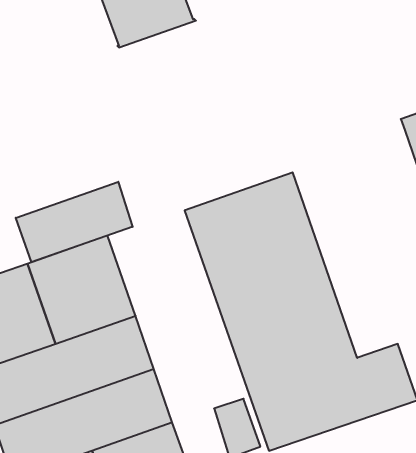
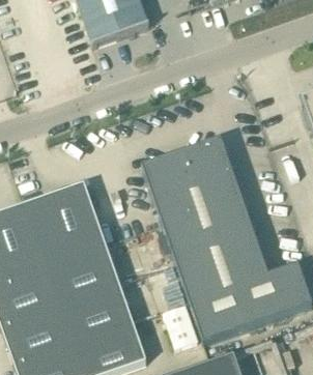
building: [16,182,133,262] -> none

